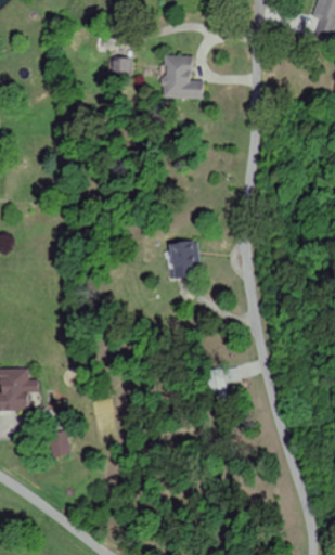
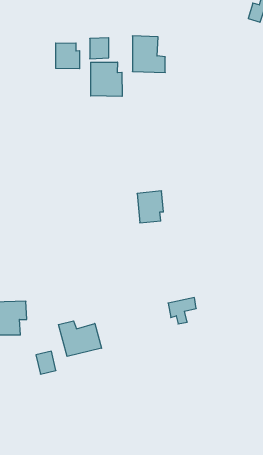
building: none -> [56,43,79,69]
building: none -> [91,62,122,96]
building: none -> [58,321,102,356]

